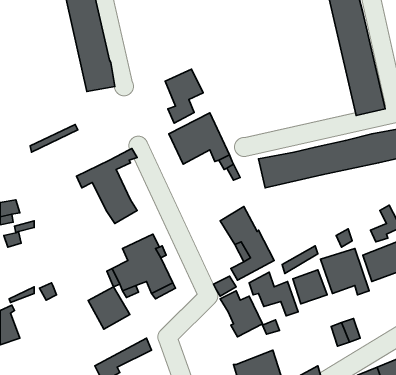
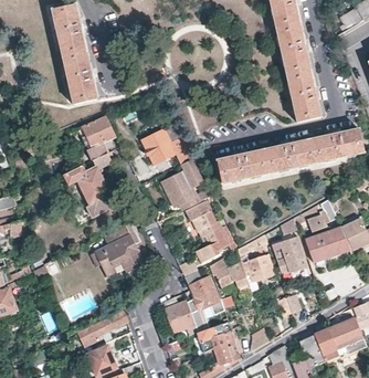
building: [165,69,203,123] -> [84,115,116,160]
building: none -> [164,169,210,206]
building: [88,287,130,329] -> none
building: none -> [162,295,198,335]

